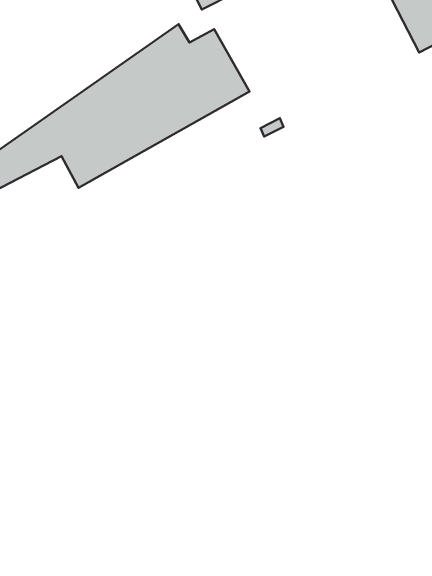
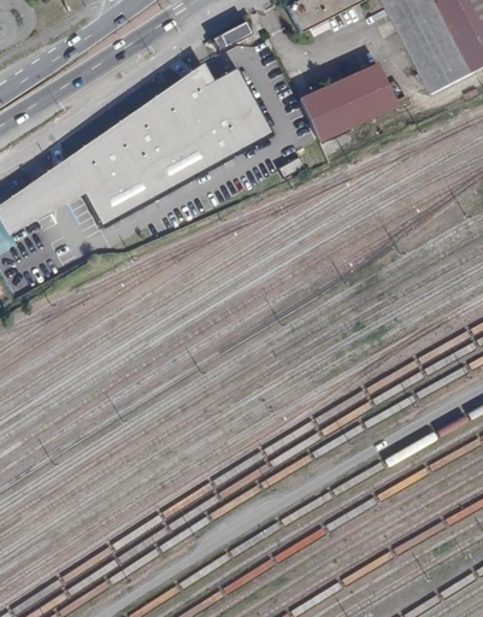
building: none -> [295,63,397,142]

